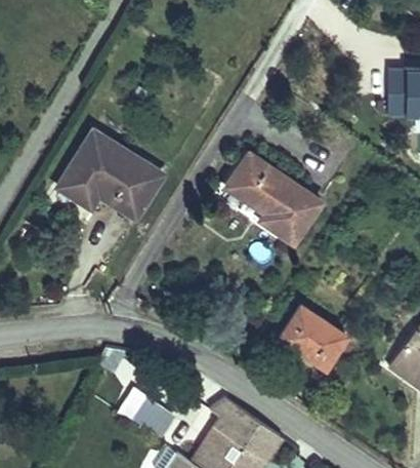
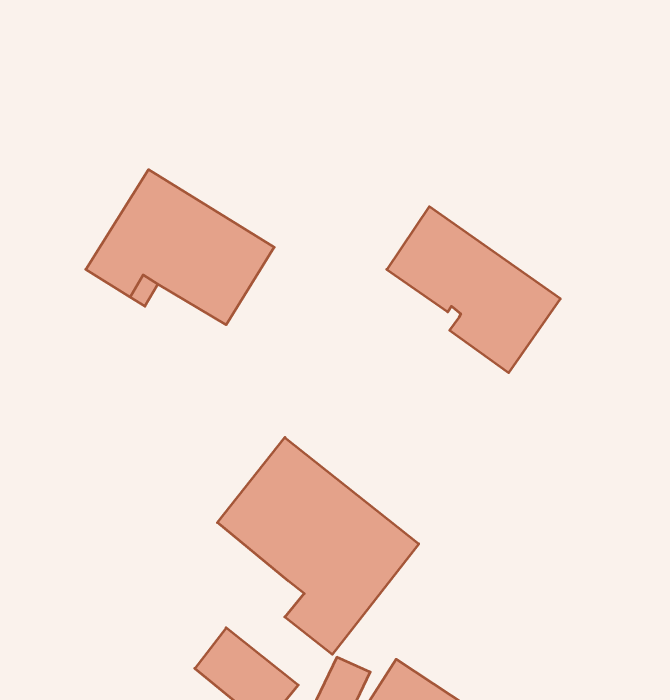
building: none -> [217,437,419,654]
building: [280,306,347,368] -> none

